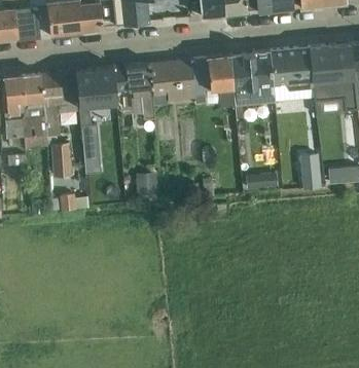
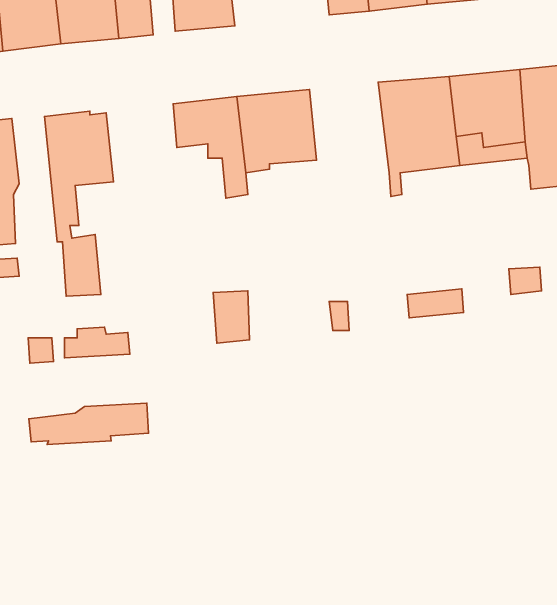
building: [190,56,236,110] -> none
building: [75,68,116,174] -> none
building: [22,75,47,148] -> none
building: none -> [29,403,148,444]

